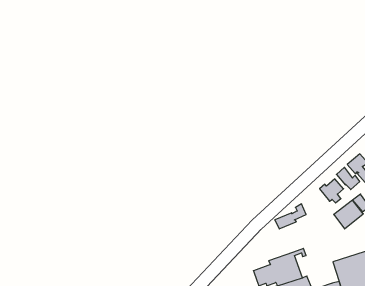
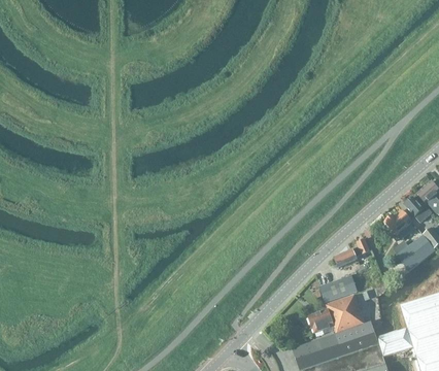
building: none -> [319,275,357,302]

